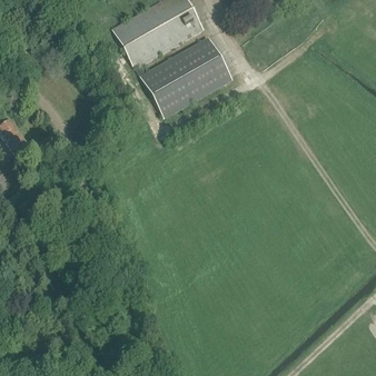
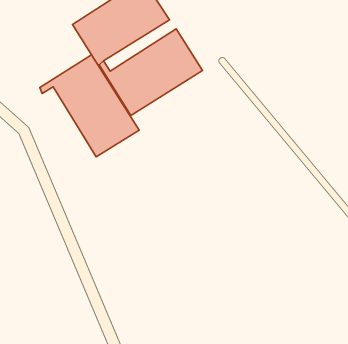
building: none -> [40,55,139,157]

